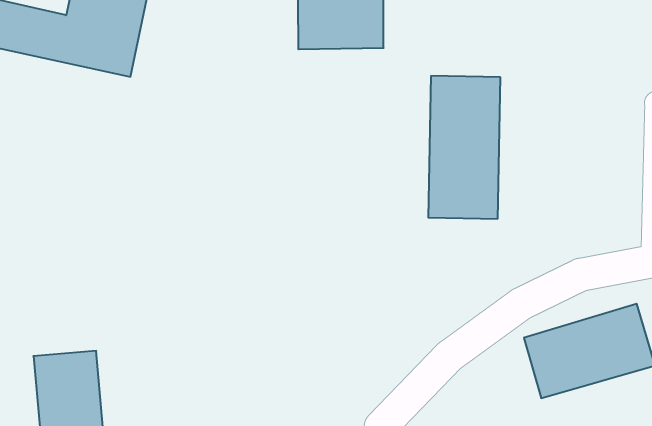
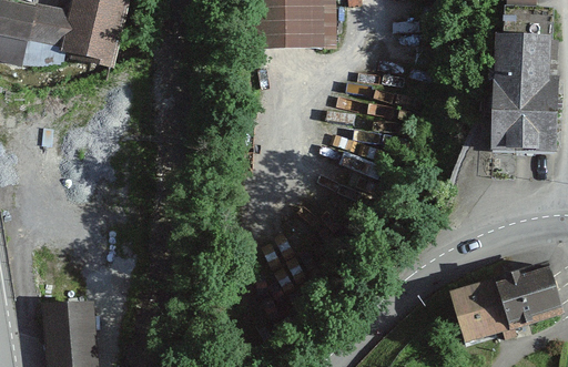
building: [428,76,500,219] -> [491,30,552,151]

